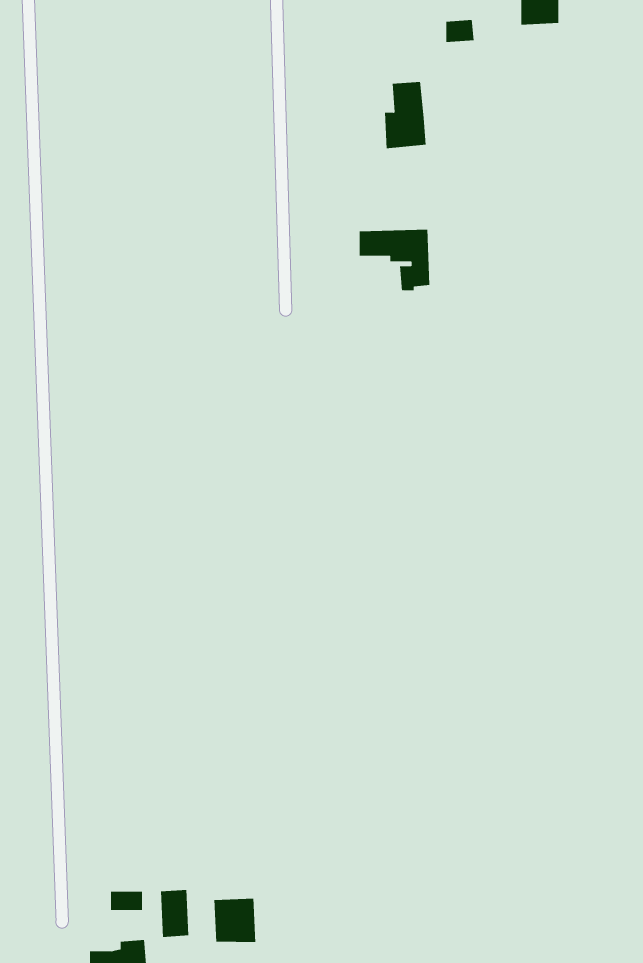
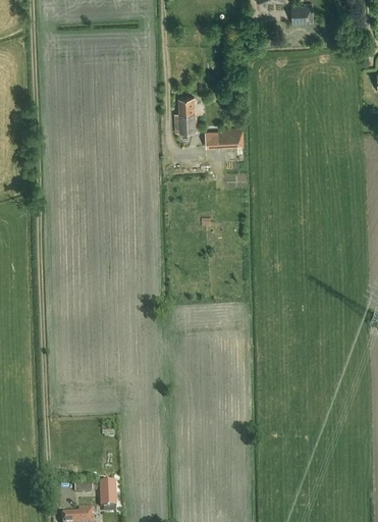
building: [384,81,426,149] -> [174,97,197,133]
building: [214,898,256,943] -> none

